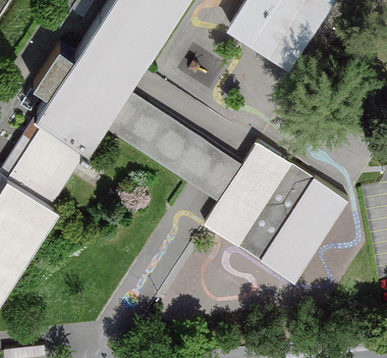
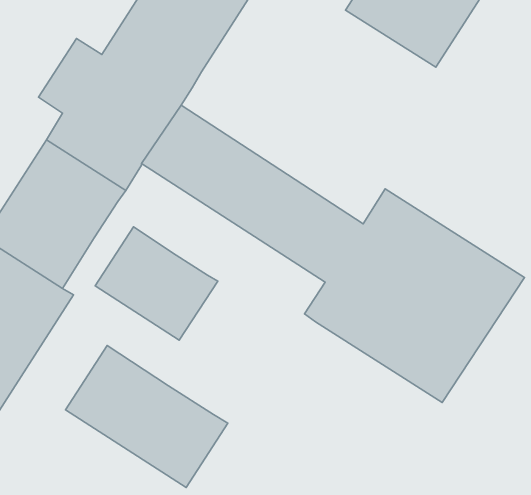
building: none -> [95,227,218,340]
building: none -> [65,346,228,487]

